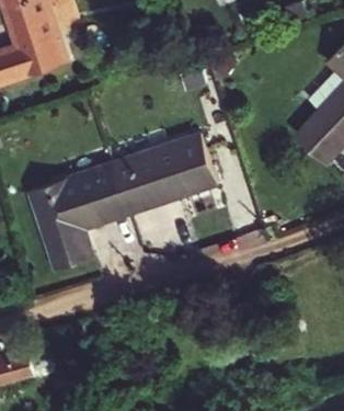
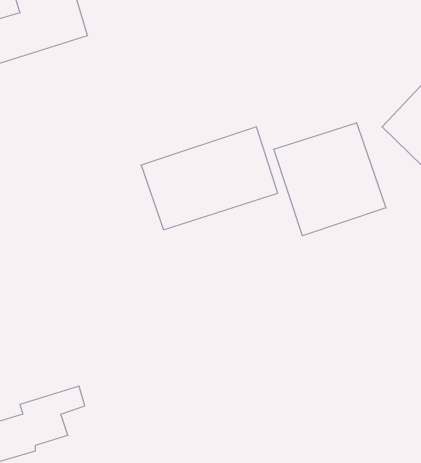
building: none -> [274,123,386,236]
building: [27,161,128,267] -> none

